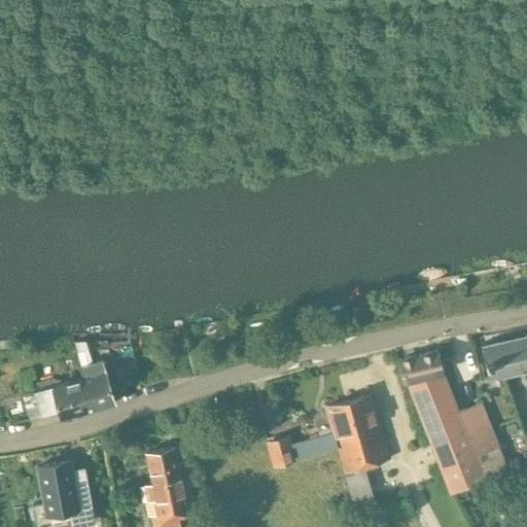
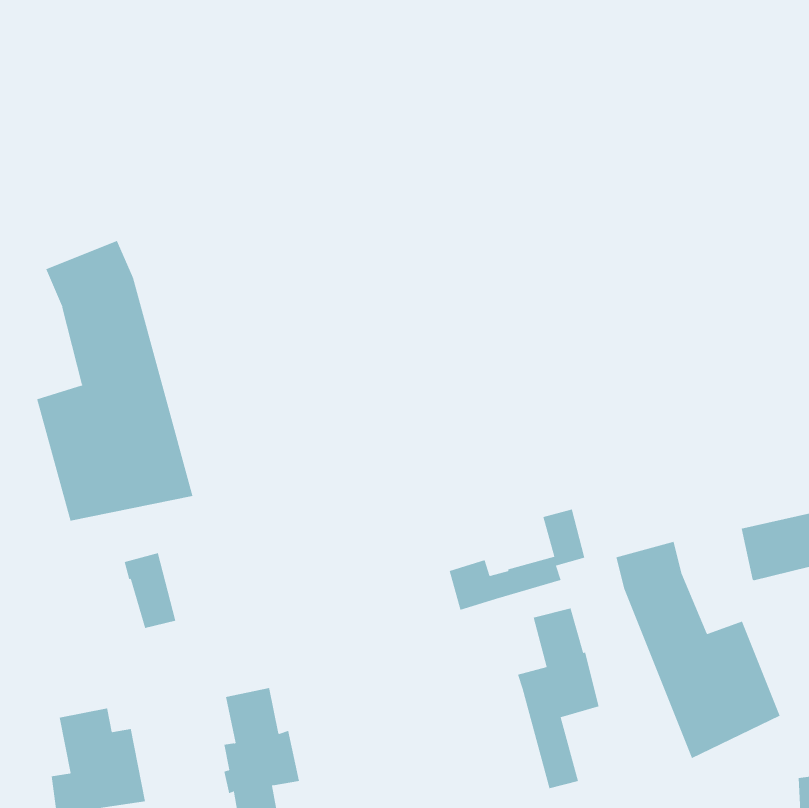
building: none -> [36,240,193,522]
building: [22,378,95,421] -> none
building: [267,402,355,468] -> [449,509,585,610]

